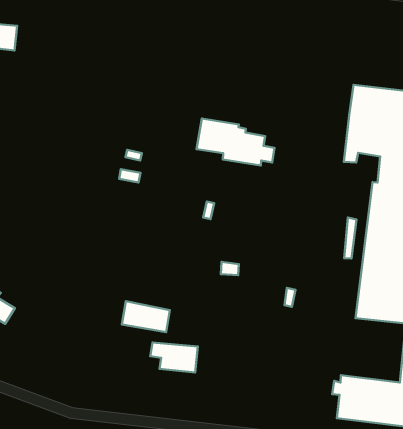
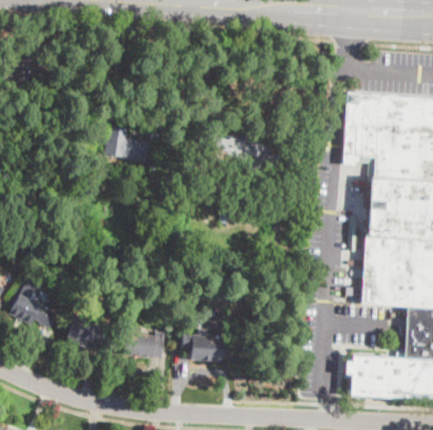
building: none -> [104,125,153,163]
building: [122,301,170,332] -> [122,332,164,358]
building: none -> [66,318,110,349]

